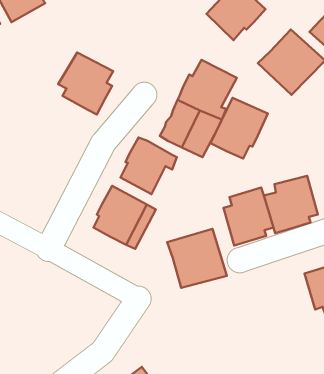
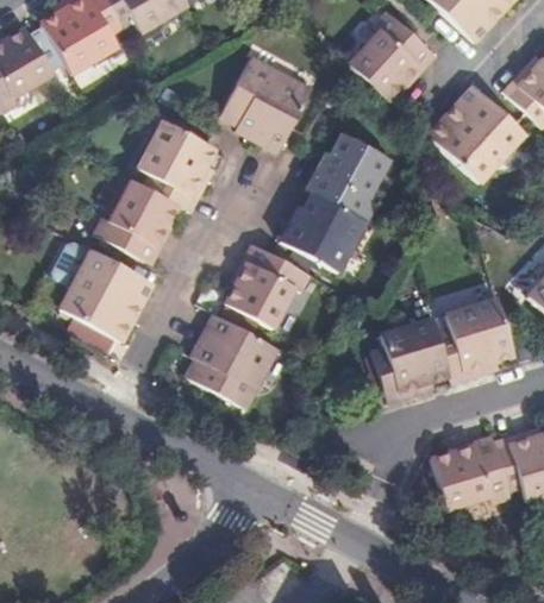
building: none -> [220,57,309,149]
building: none -> [89,176,177,263]
building: [210,98,268,159] -> none
building: none -> [60,247,154,339]
building: [167,229,227,288] -> none
building: none -> [432,433,511,505]

